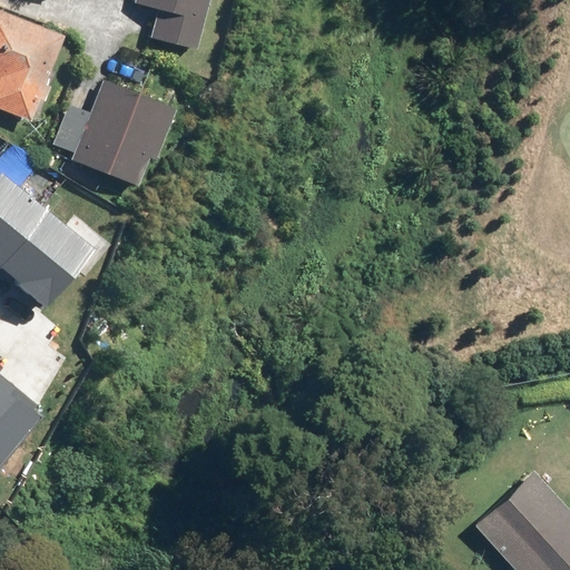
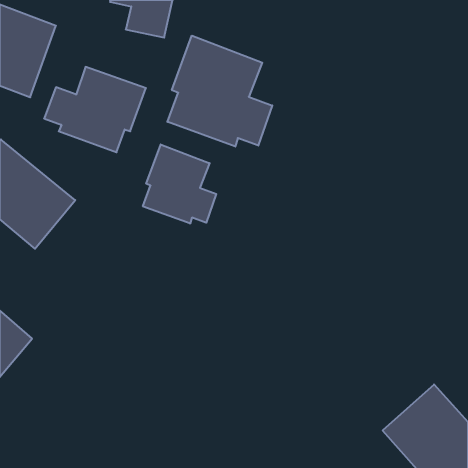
building: none -> [167,36,272,147]
building: none -> [143,144,216,224]

